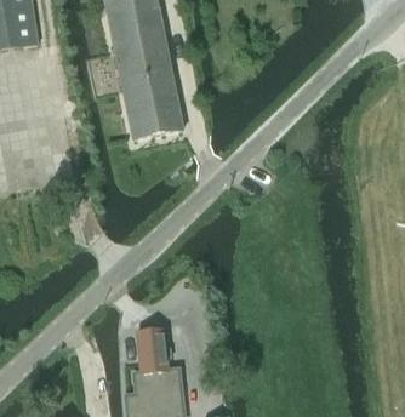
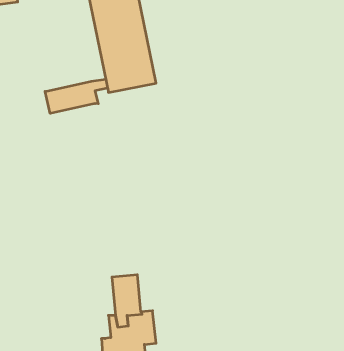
building: none -> [45,79,108,113]

